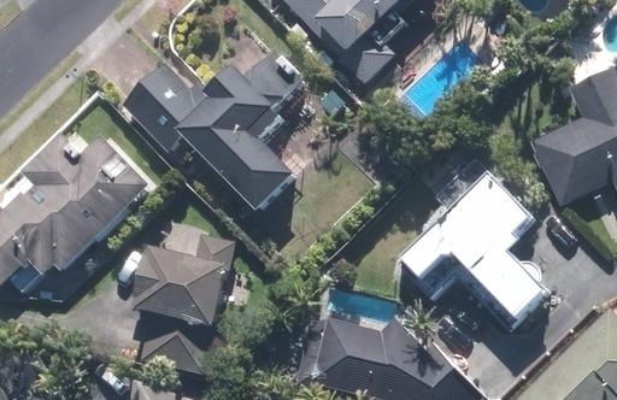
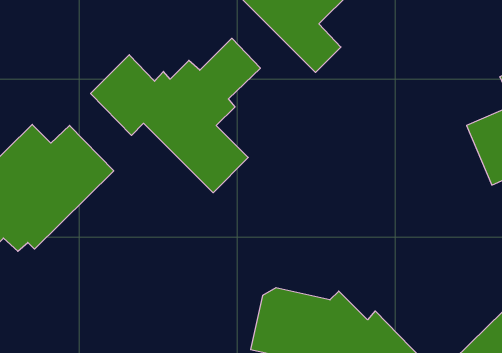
building: [399,158,546,329] -> none
building: [133,233,237,373] -> none

